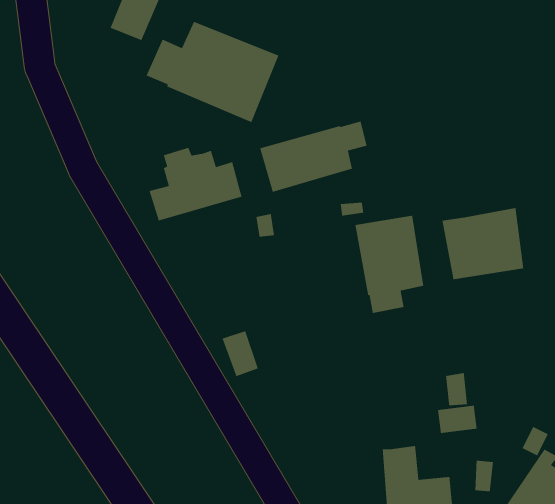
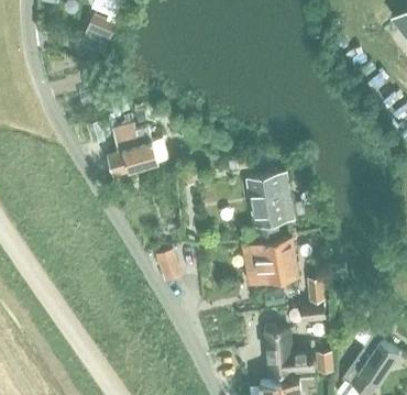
building: [145,21,279,123] -> none
building: [259,121,367,193] -> none
building: [441,207,524,280] -> [242,237,298,286]

